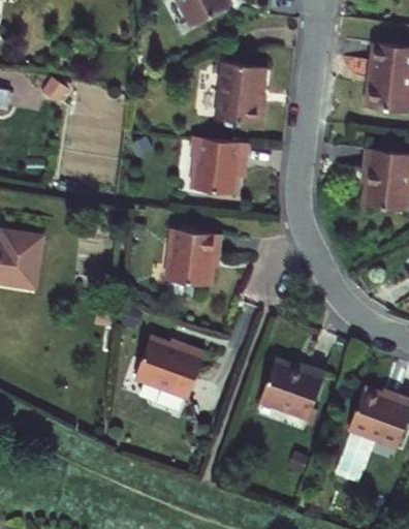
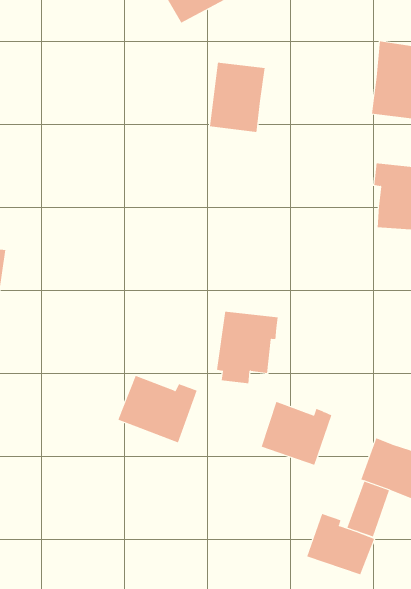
building: [193,137,249,195] -> none
building: [168,232,223,297] -> [216,311,278,384]
building: none -> [306,513,375,575]

